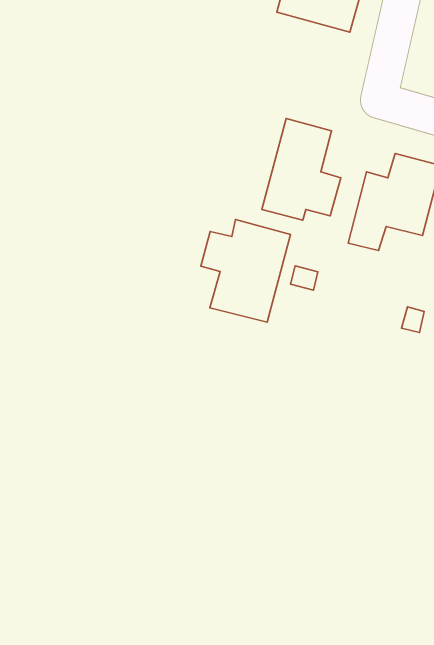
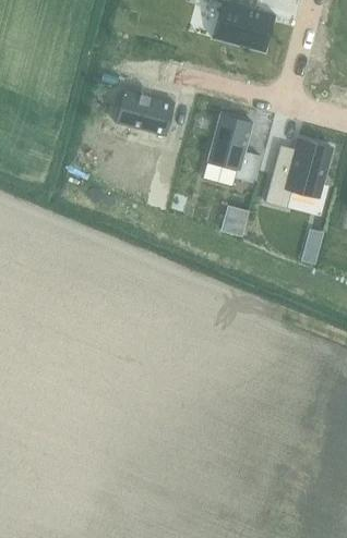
building: none -> [115,88,175,135]
building: [201,220,291,322] -> none

